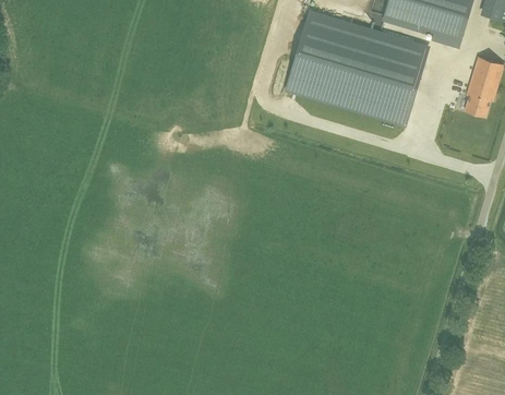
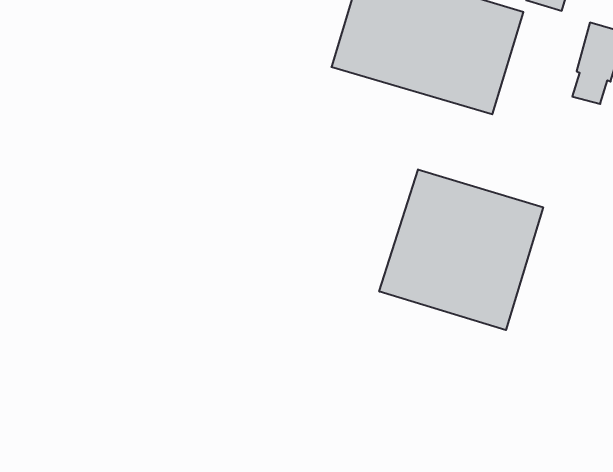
building: none -> [379,169,543,330]

